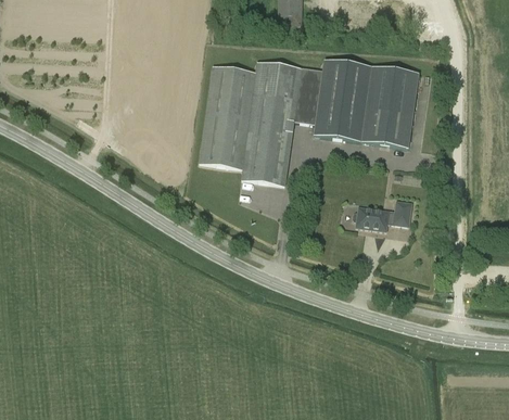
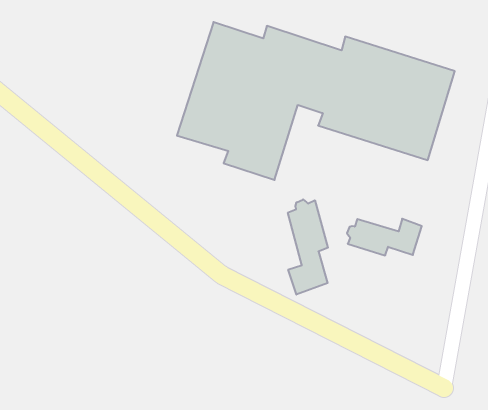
building: none -> [288,199,328,295]

